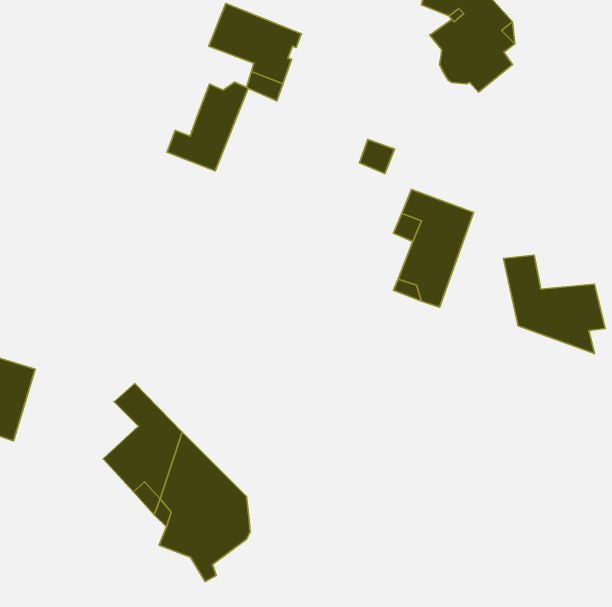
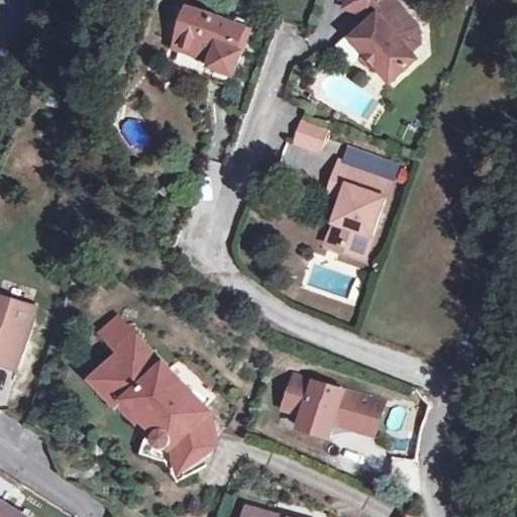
building: [167,82,248,171] -> none
building: [504,255,605,353] -> none
building: none -> [272,360,381,428]

